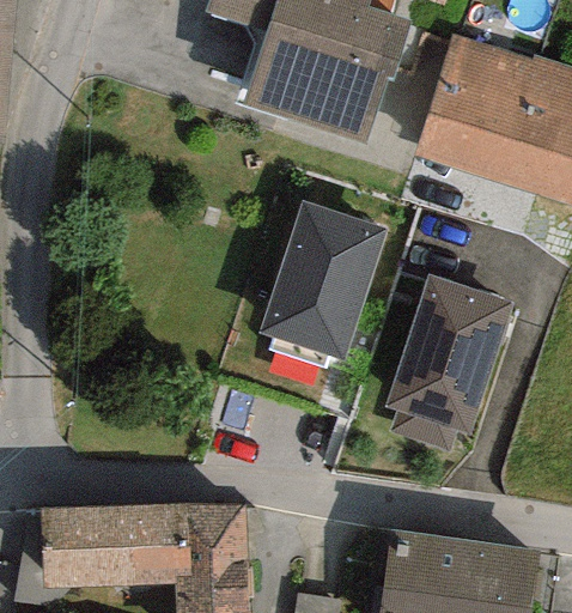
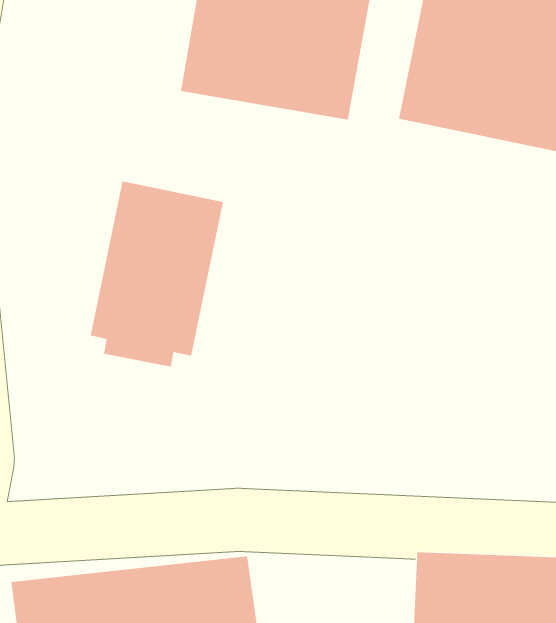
building: [260,204,385,365] -> [90,181,224,367]
building: [381,272,518,449] -> none

